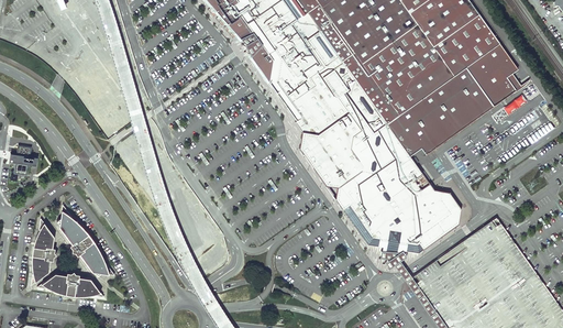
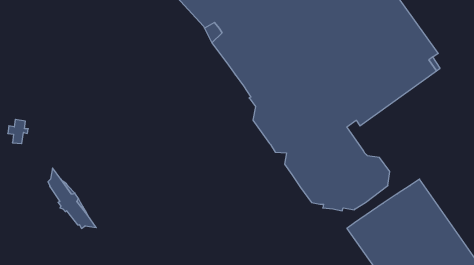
building: [31,218,56,285] -> none
building: [36,272,103,297] -> none

